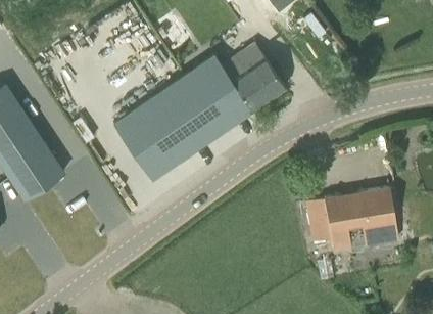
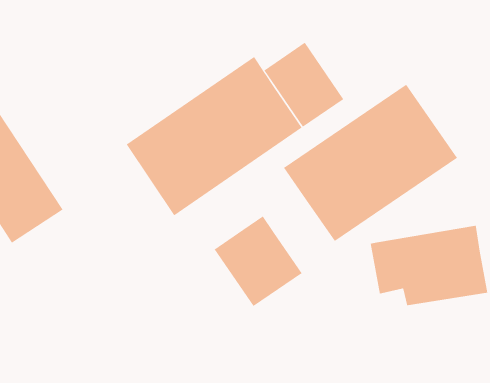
building: none -> [283,84,458,242]
building: none -> [214,216,303,307]

